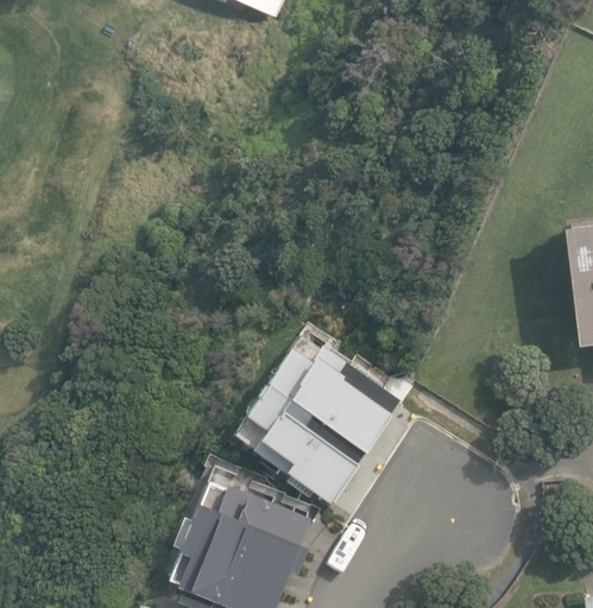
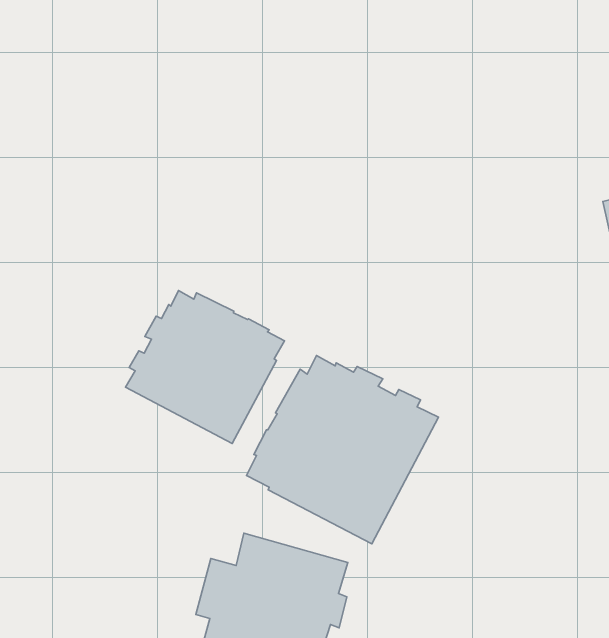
building: none -> [125,291,284,444]

